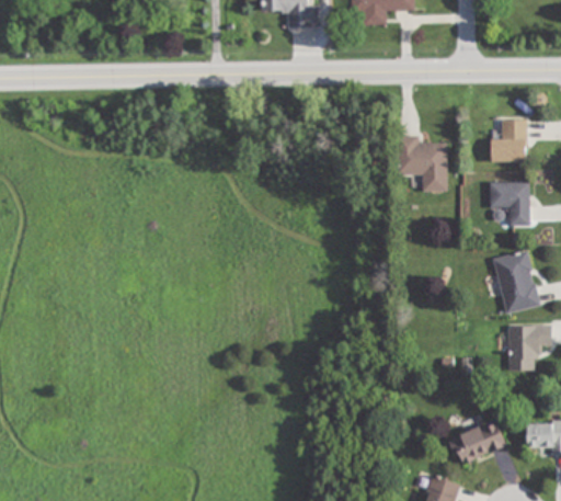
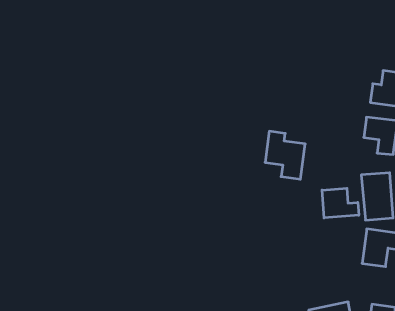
building: [399,135,447,191] -> [265,131,305,179]
building: none -> [322,188,359,218]

